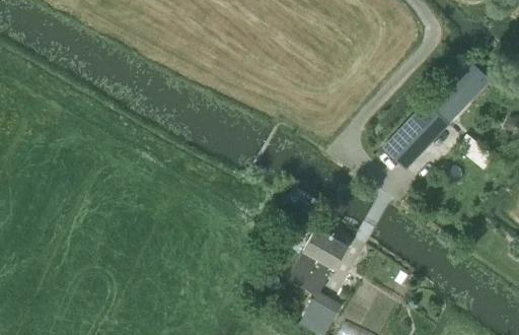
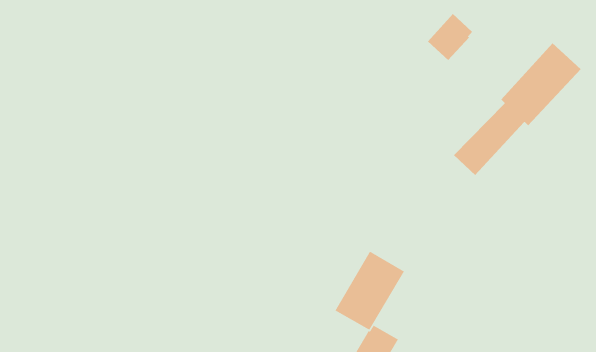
building: none -> [427,13,473,61]

